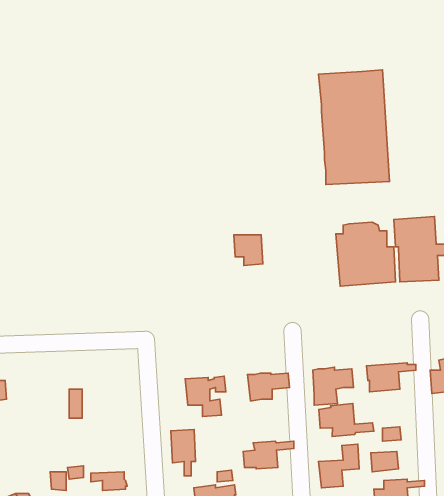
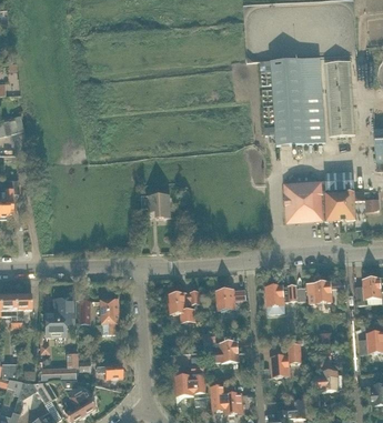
building: none -> [325,60,354,135]
building: [234,235,263,265] -> [148,194,170,218]
building: none -> [44,293,74,332]
building: [319,404,374,436] -> none
building: [171,429,196,476] -> [99,298,118,333]

